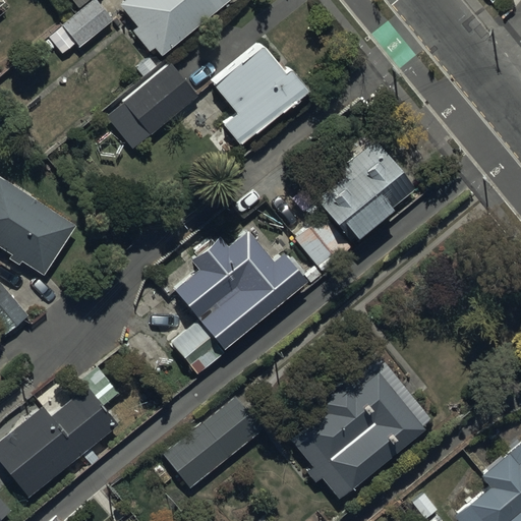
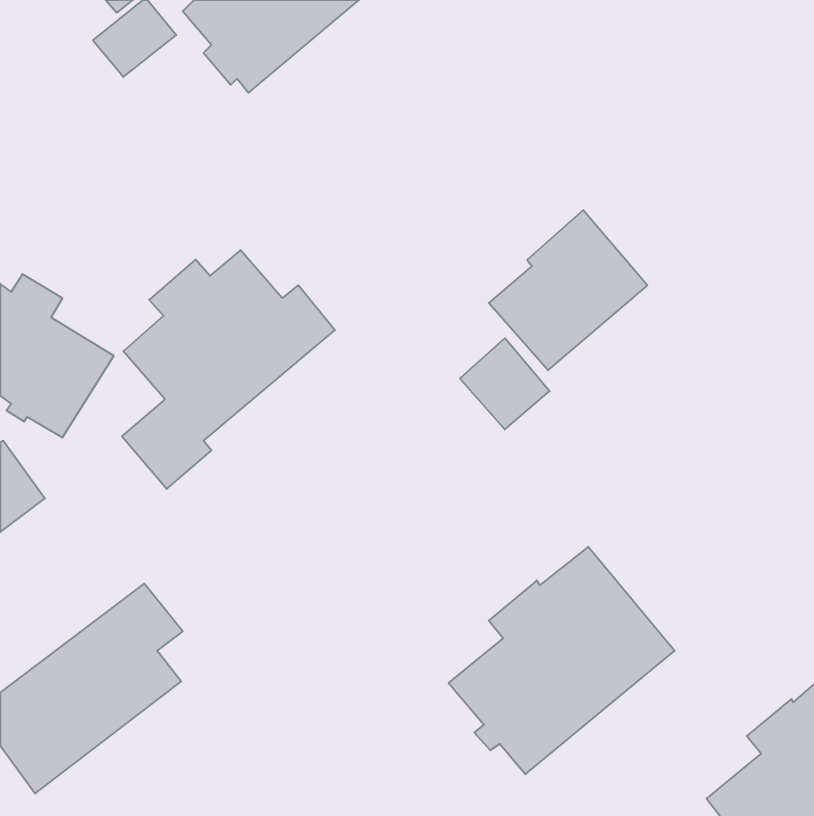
building: [213,47,310,152] -> none
building: [105,62,199,152] -> none
building: [172,228,307,380] -> [122,250,335,489]
building: [162,393,263,485] -> none

